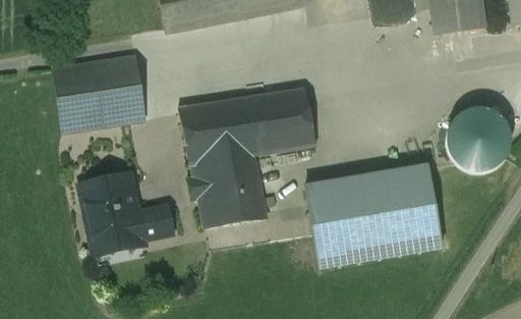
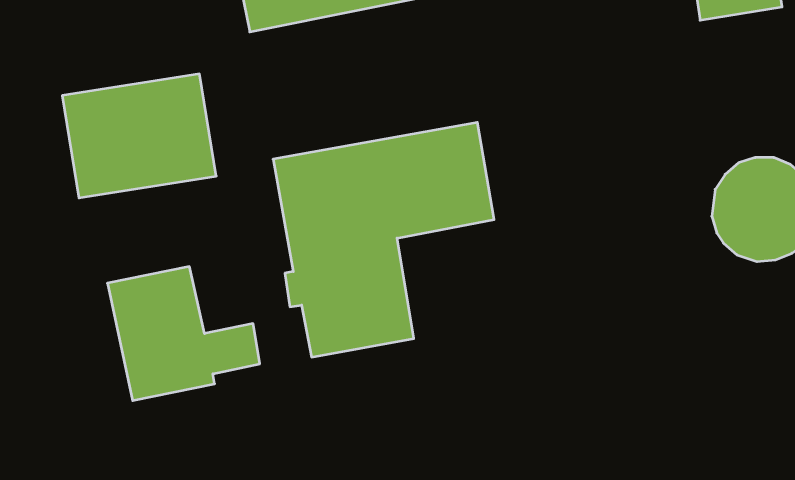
building: [303,165,442,268] -> none

